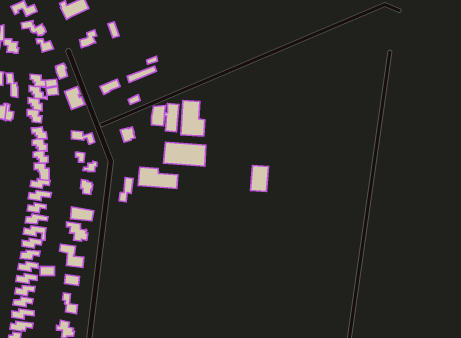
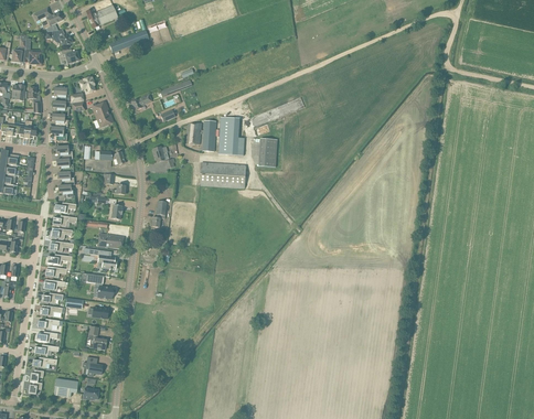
building: [250,165,269,192] -> [257,137,277,165]
building: [138,167,178,188] -> none

